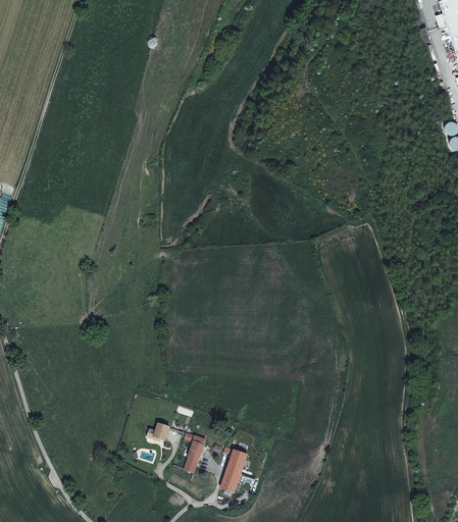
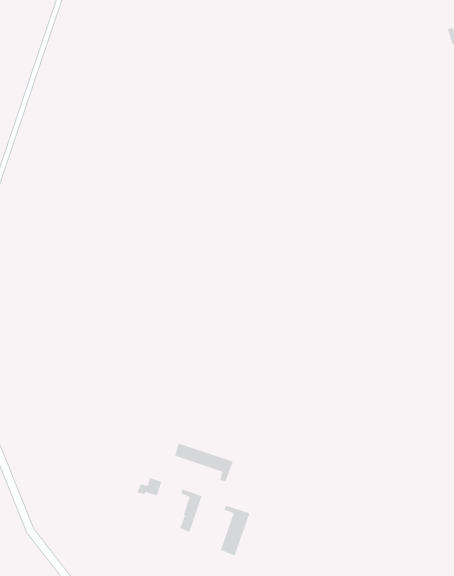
building: none -> [175,443,233,482]

